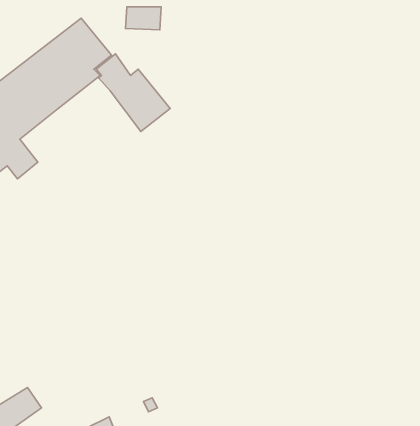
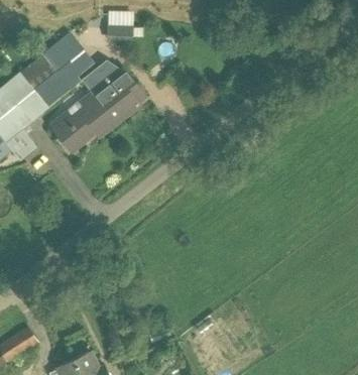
building: none -> [50,91,118,152]

